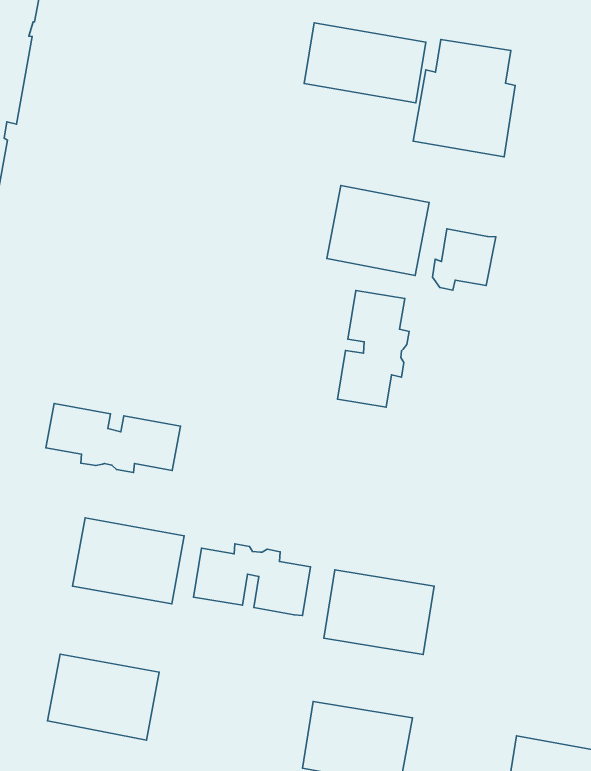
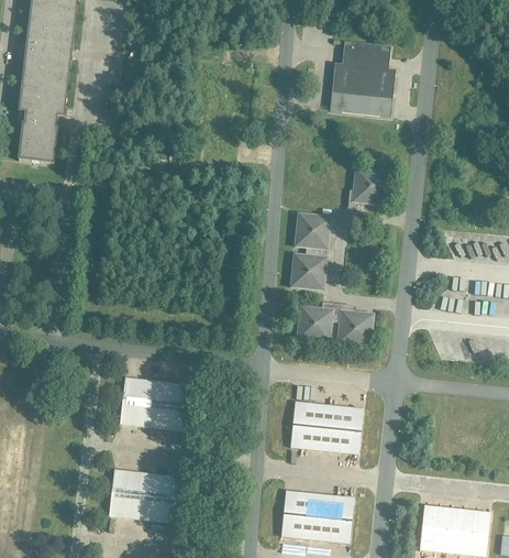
building: [304,23,426,103] -> none
building: [327,186,429,275] -> none
building: [46,403,180,473] -> none
building: [194,544,311,616] -> [296,302,373,347]

